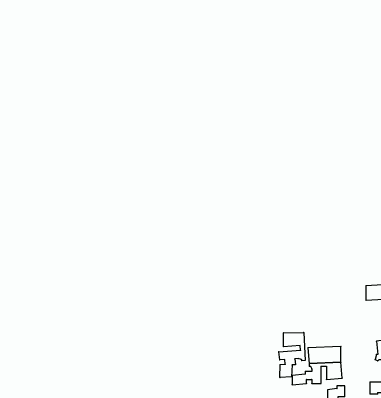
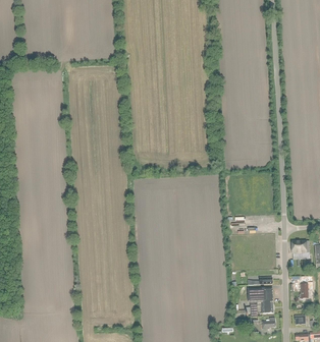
building: [279,332,305,378] -> none

